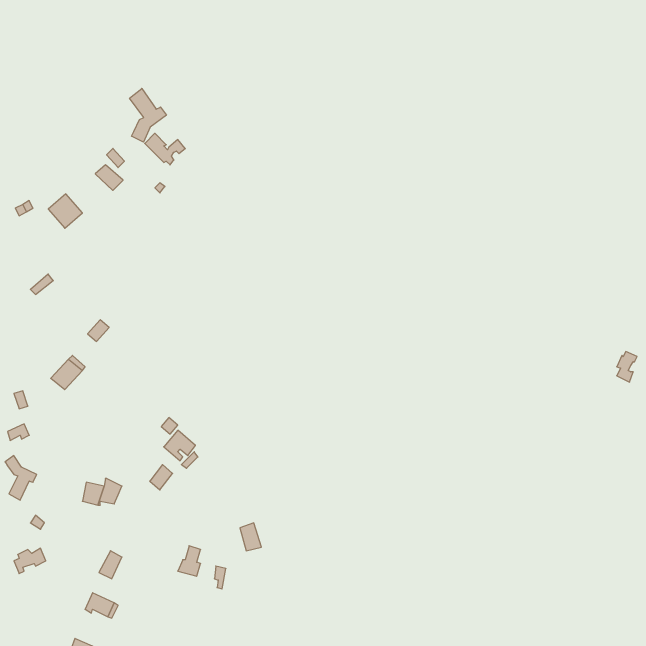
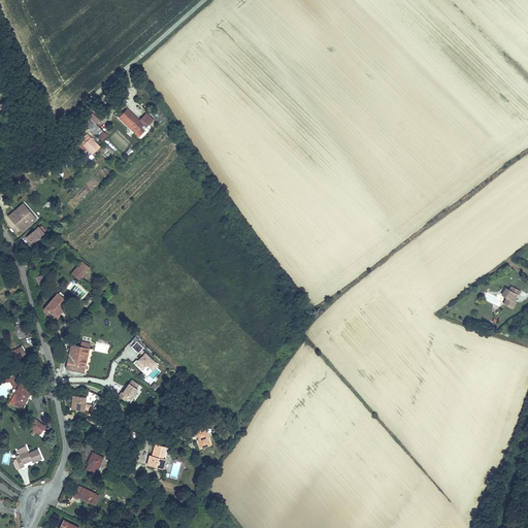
building: [130,88,166,142] -> none
building: [48,194,82,228] -> [6,204,34,232]
building: none -> [66,340,91,371]

